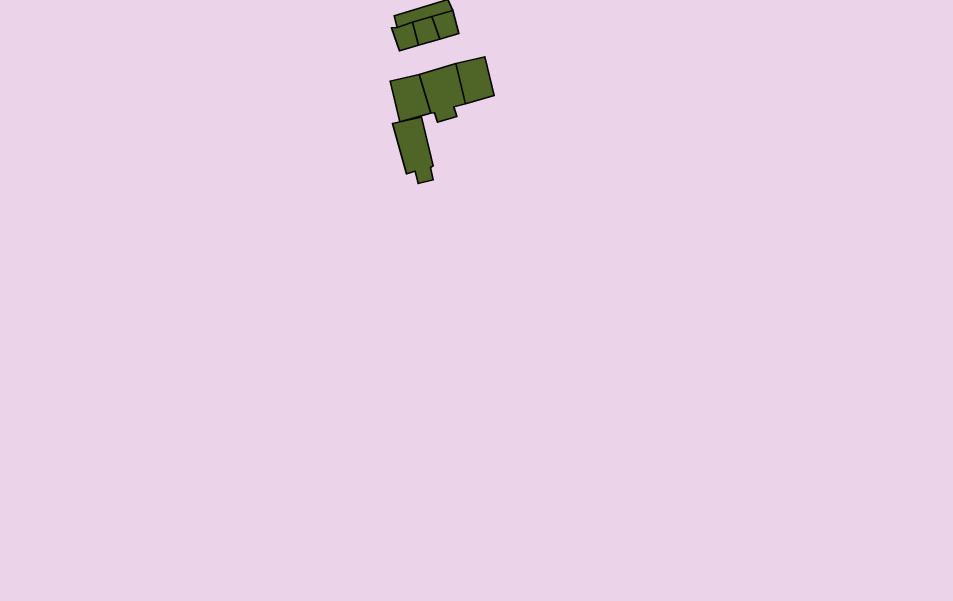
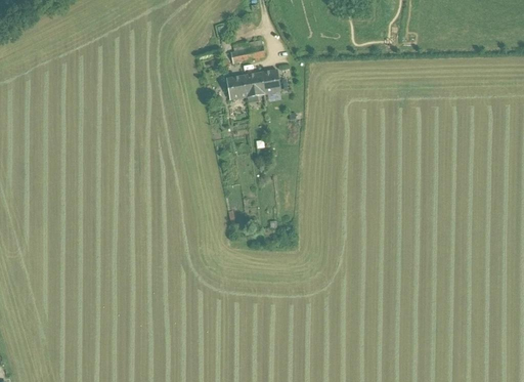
building: [393,117,433,183] -> none

